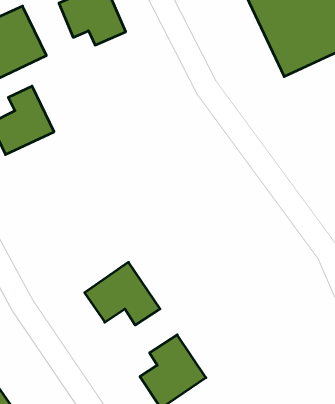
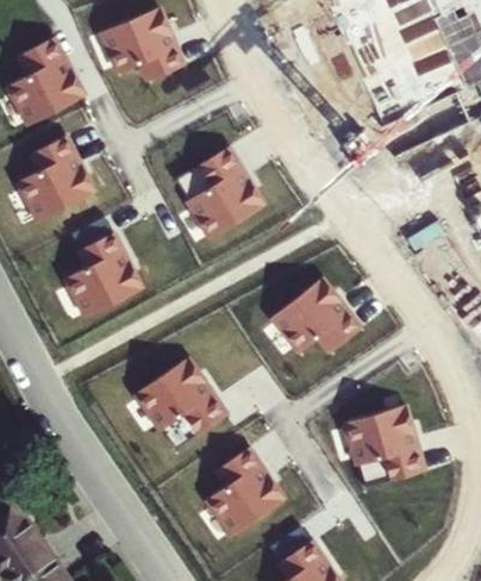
building: none -> [177,146,262,239]
building: none -> [62,230,142,318]
building: none -> [269,279,357,352]
building: none -> [342,402,427,480]

